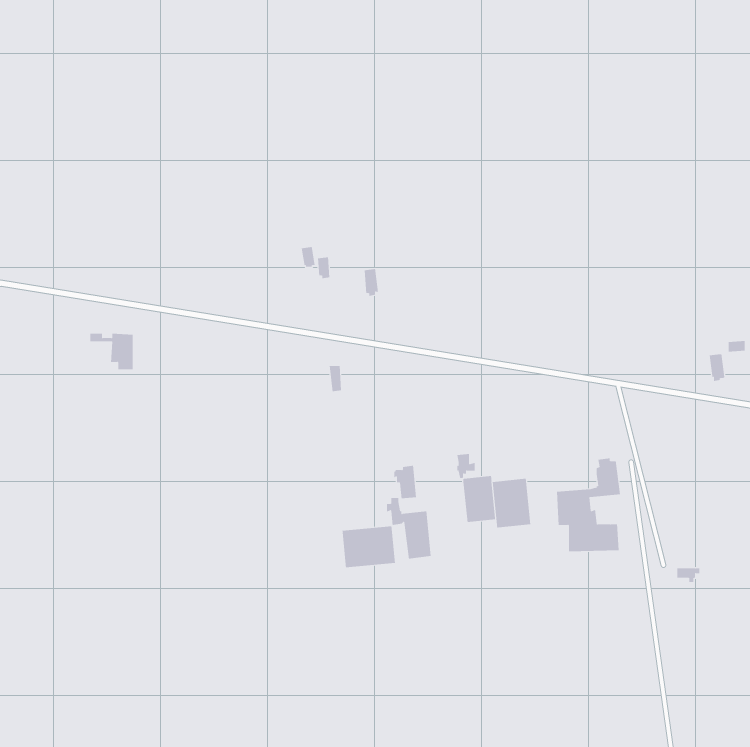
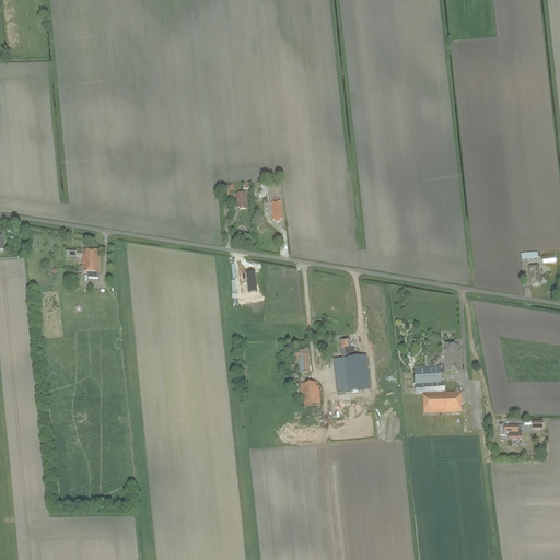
building: [492,478,531,528] -> none
building: [342,525,396,568] -> none

